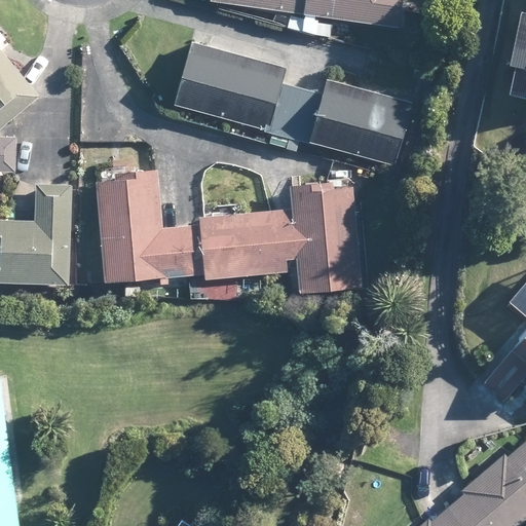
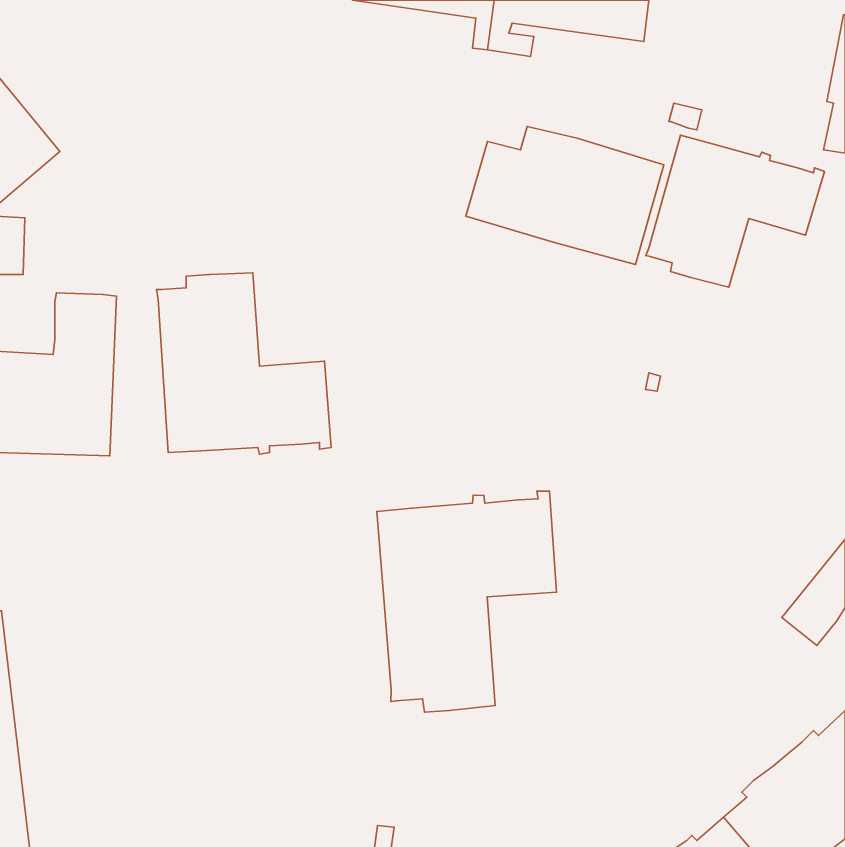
building: [174,42,301,147] -> none
building: none -> [646,135,824,287]
building: [199,183,359,292] -> none
building: none -> [377,491,556,712]

